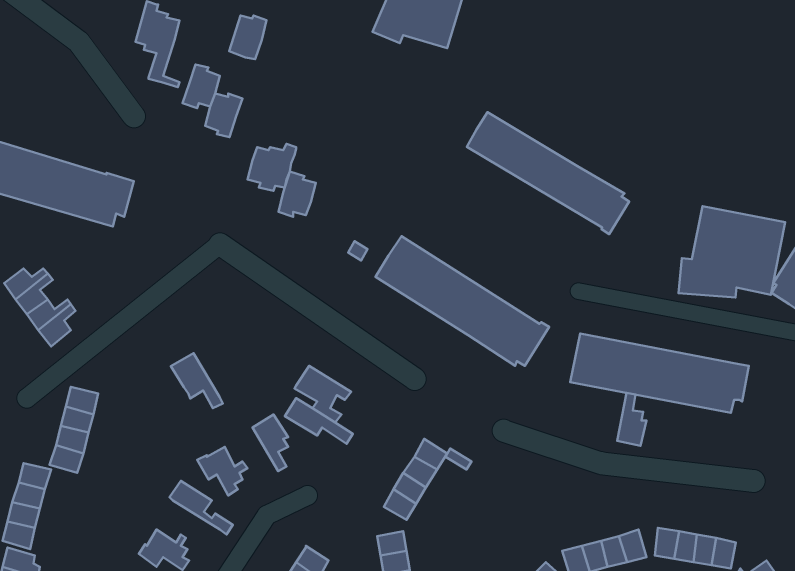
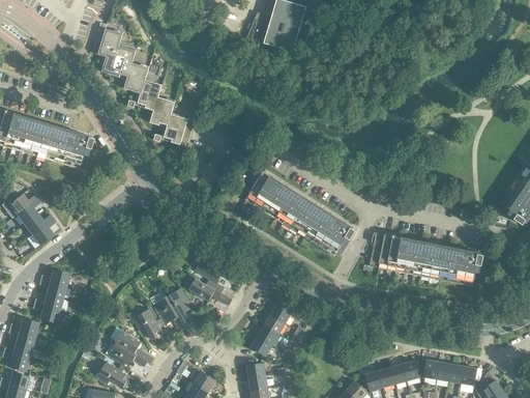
building: [229,15,267,59] -> [111,47,135,75]
building: [467,112,629,234] -> none
building: [278,171,316,217] -> [150,95,174,124]
building: [679,206,785,298] -> none
building: [171,353,223,408] -> [153,294,186,330]
building: [617,393,646,446] -> none
building: none -> [109,341,147,366]

